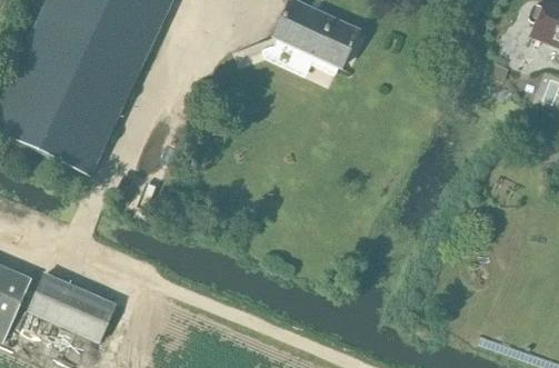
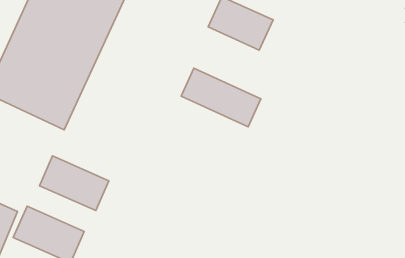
building: none -> [181,68,261,127]
building: none -> [40,156,109,211]

